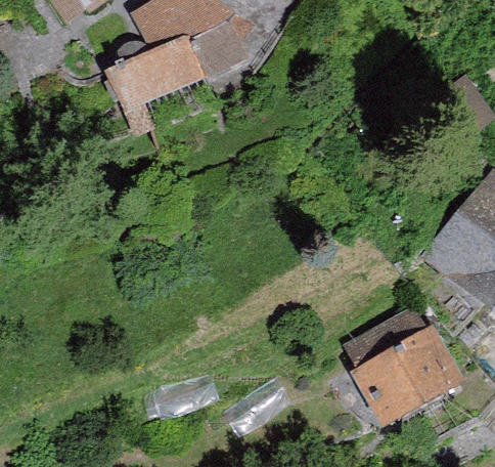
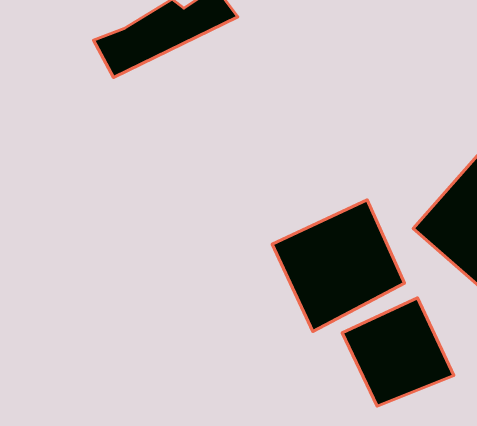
building: none -> [272,200,405,331]

